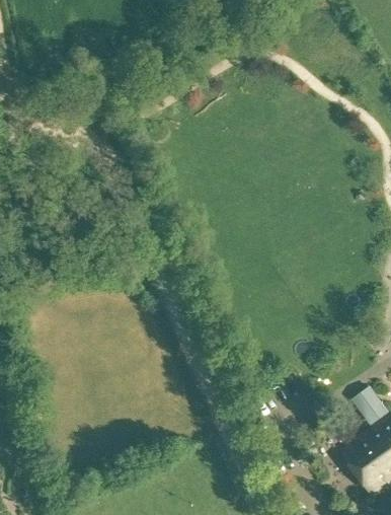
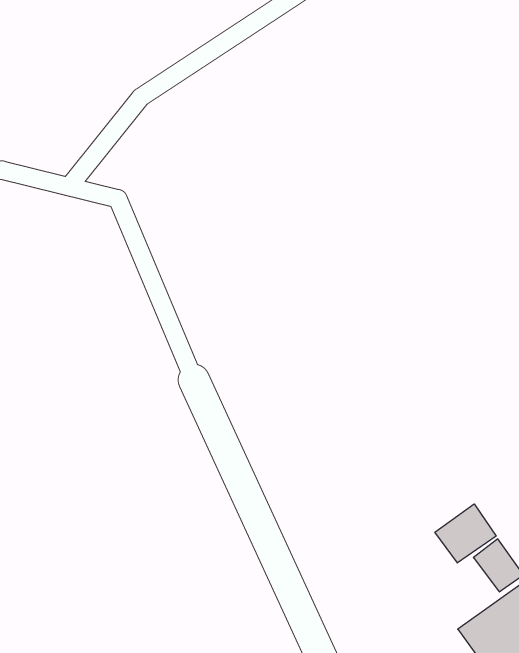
building: none -> [435,504,496,563]

